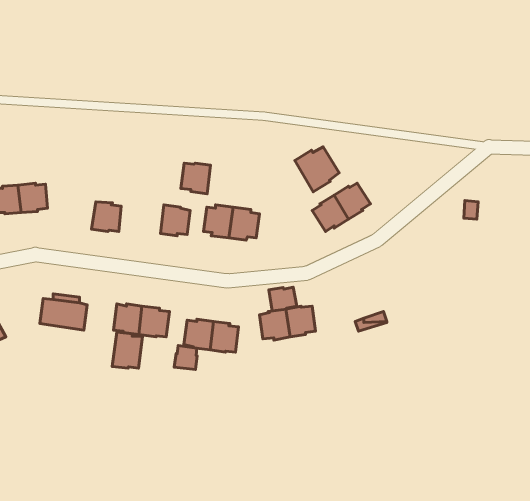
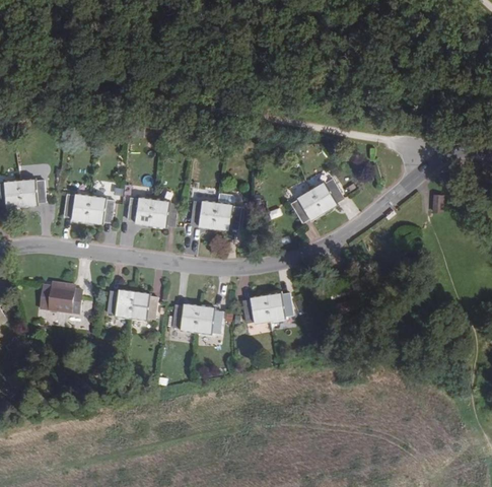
building: [295,147,339,192] -> none
building: [181,163,210,194] -> [126,197,153,225]
building: none -> [63,194,90,221]
building: [269,287,297,311] -> none
building: [112,332,143,368] -> none
building: [174,346,197,370] -> none

